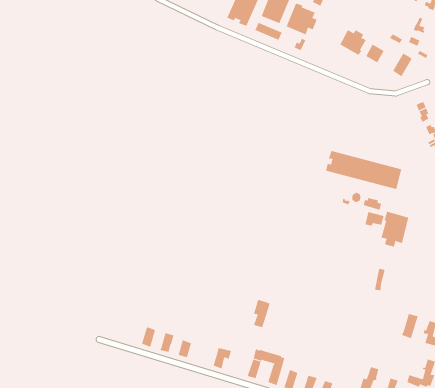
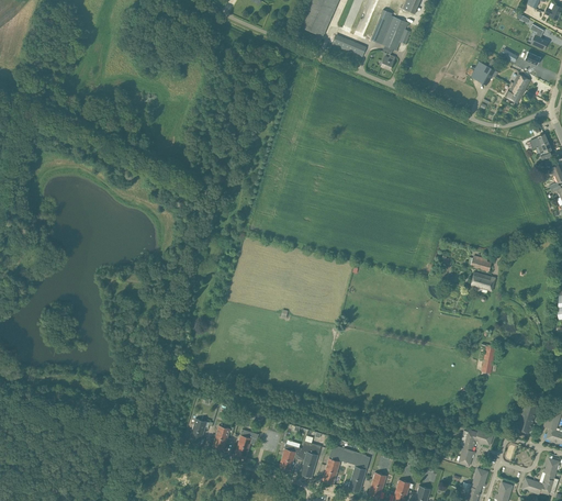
building: [339,29,367,56] -> none
building: [325,150,402,190] -> none
building: [381,211,409,247] -> none
building: [253,299,271,328] -> [300,441,322,477]
building: none -> [459,430,493,466]

